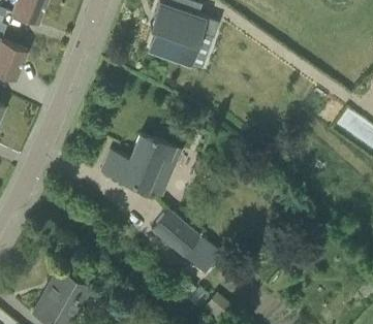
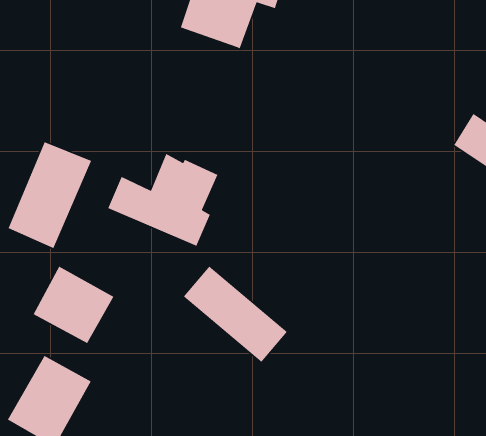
building: none -> [7,141,92,249]
building: none -> [33,266,115,344]

